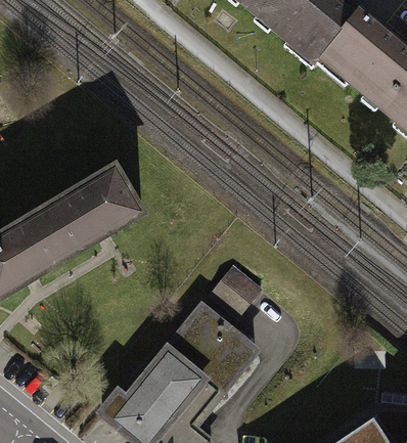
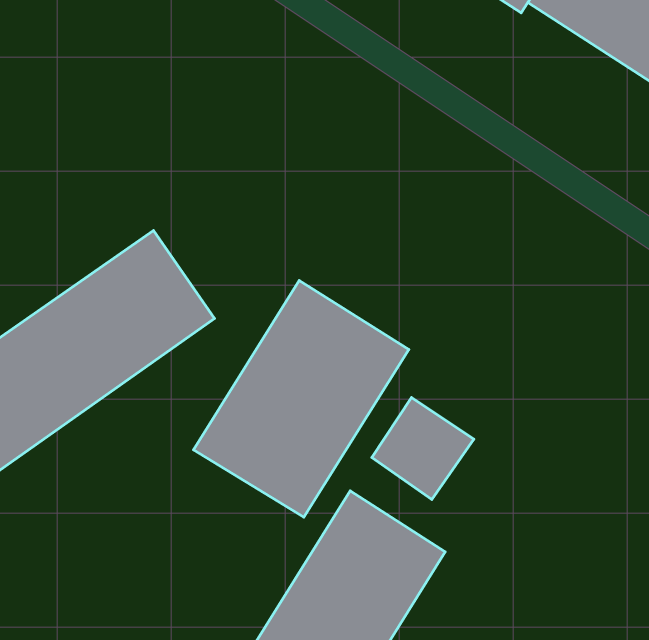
building: none -> [193,280,409,517]

